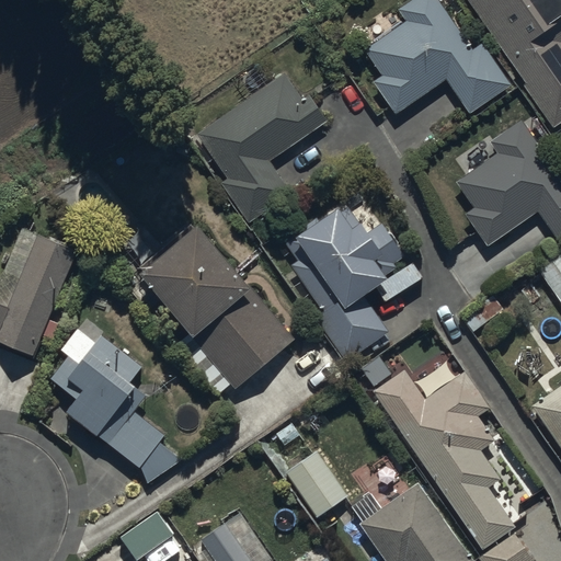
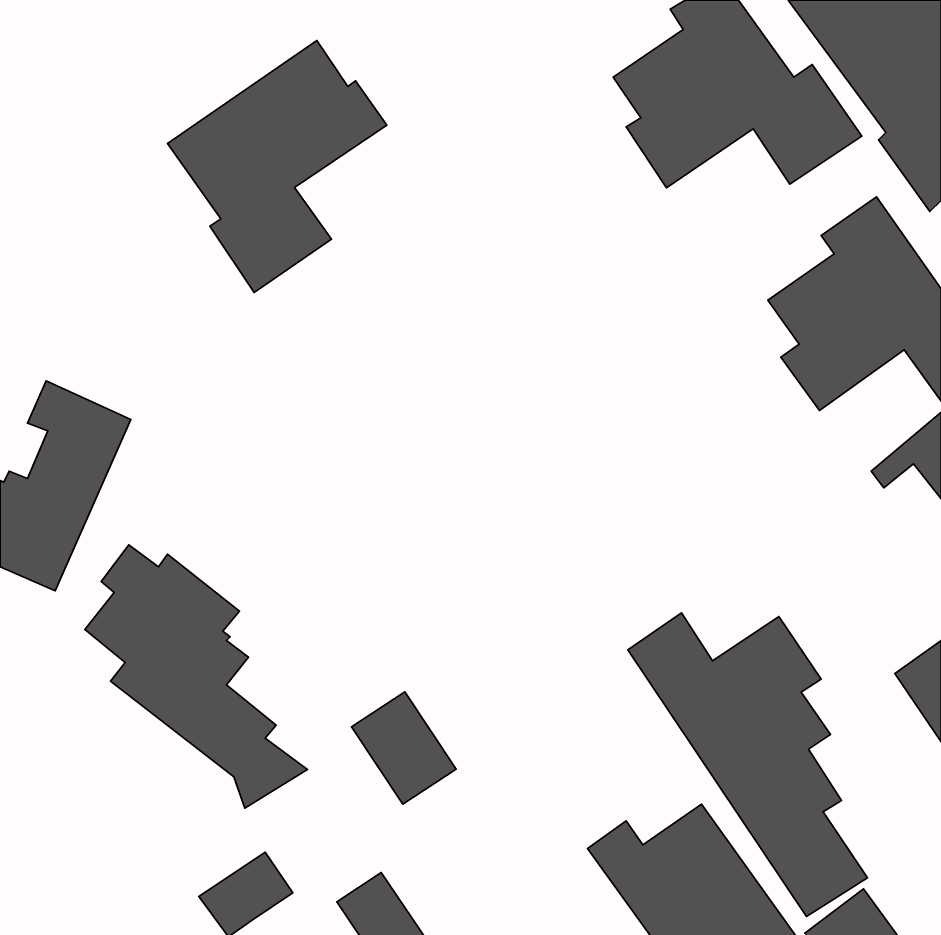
building: [196,71,327,221] -> [168,40,387,293]
building: [283,204,404,360] -> none
building: [138,218,294,396] -> none
building: [286,450,348,517] -> [351,692,456,804]

